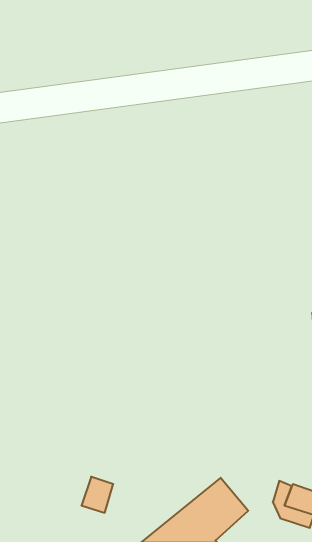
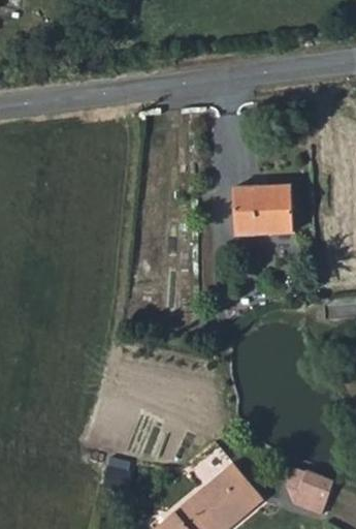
building: none -> [232,185,292,235]

